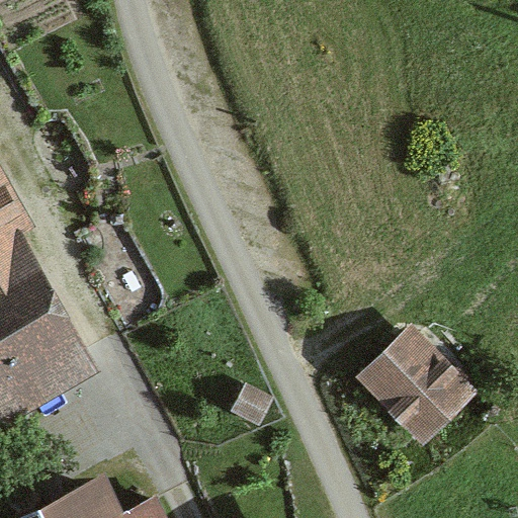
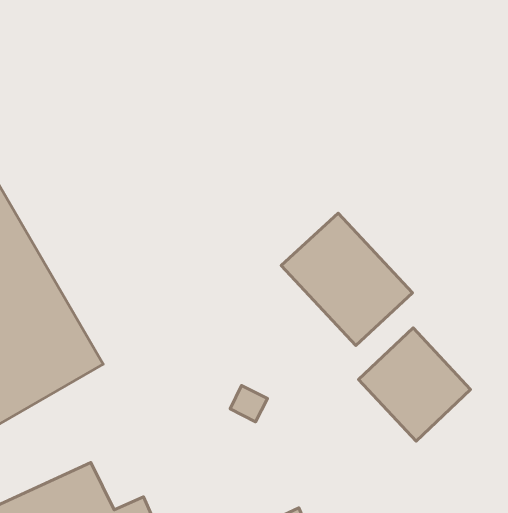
building: none -> [281,213,413,345]

